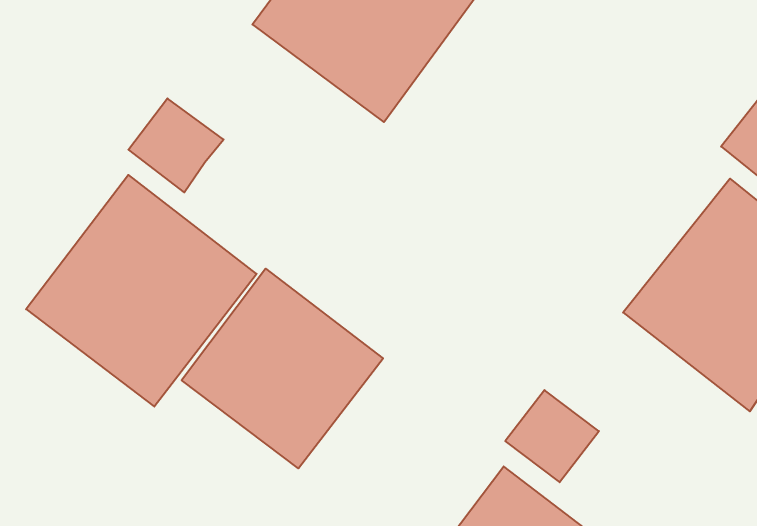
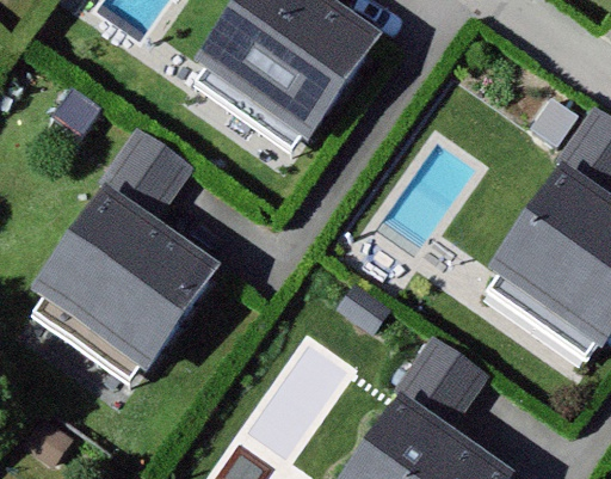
building: [182,269,383,468] -> none

